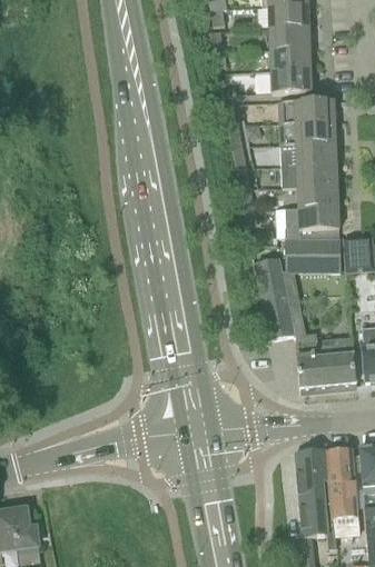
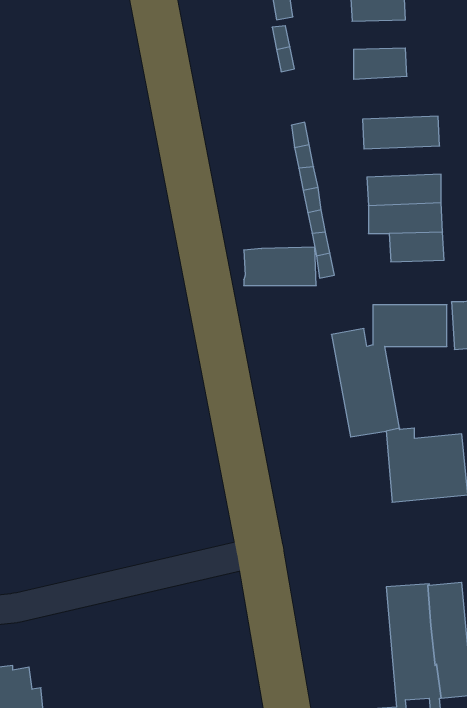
building: [269,27,309,49] -> none
building: [270,69,312,92] -> none
building: [278,121,336,145] -> none
building: [285,207,339,236] -> [244,247,316,286]

